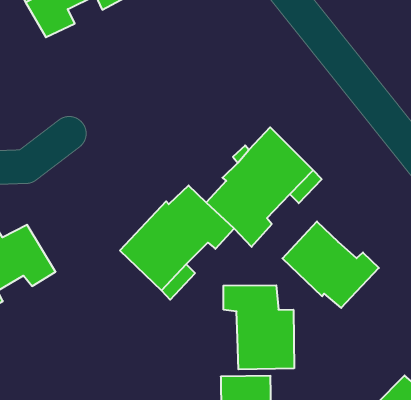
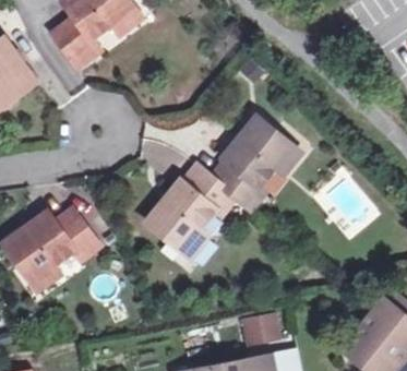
building: [282,221,379,308] -> none
building: [223,285,294,369] -> none

